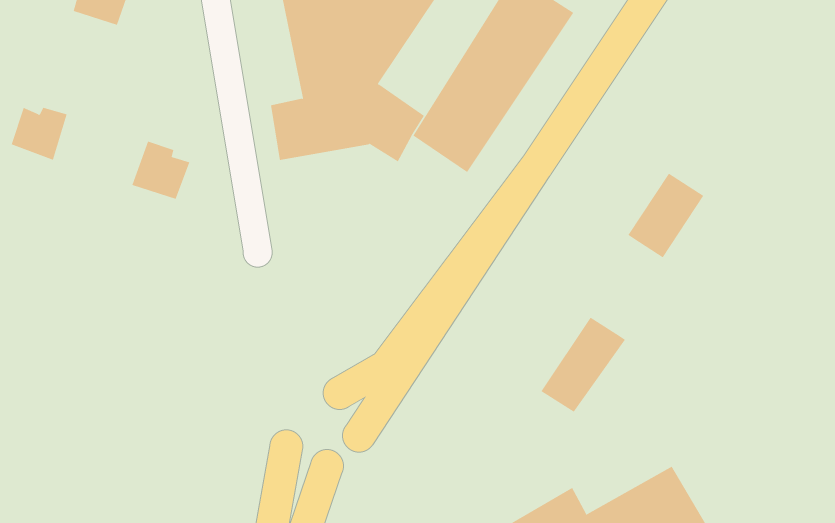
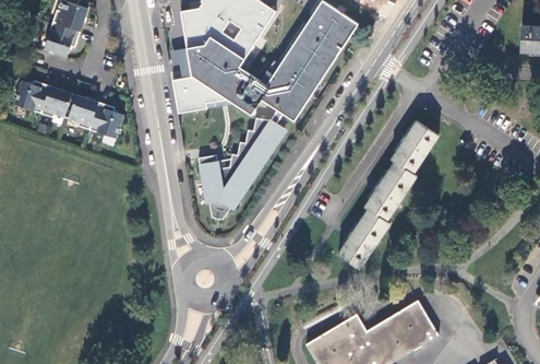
building: none -> [43,21,79,56]
building: none -> [39,84,71,116]
building: none -> [68,93,97,128]
building: none -> [197,117,284,220]
building: none -> [365,161,417,221]

